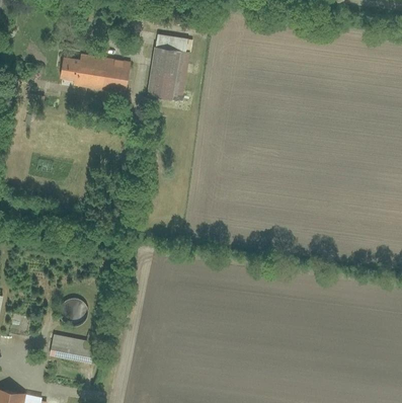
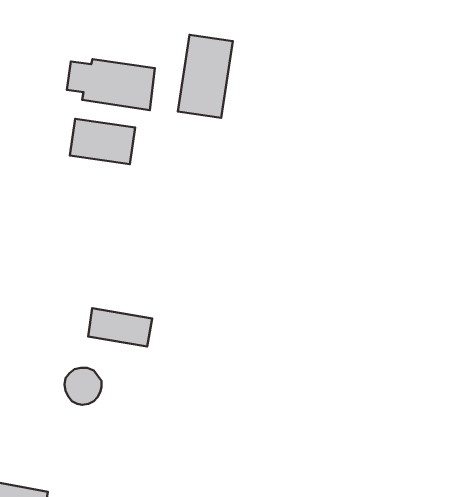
building: none -> [70,119,135,164]
building: [48,333,98,364] -> [88,308,152,347]

